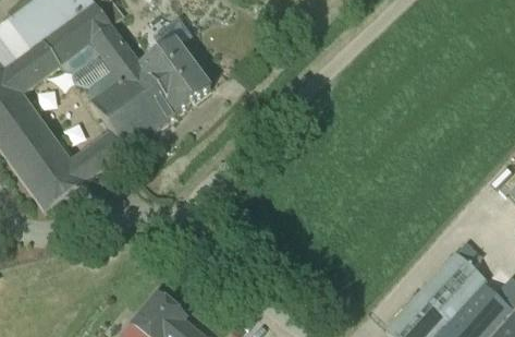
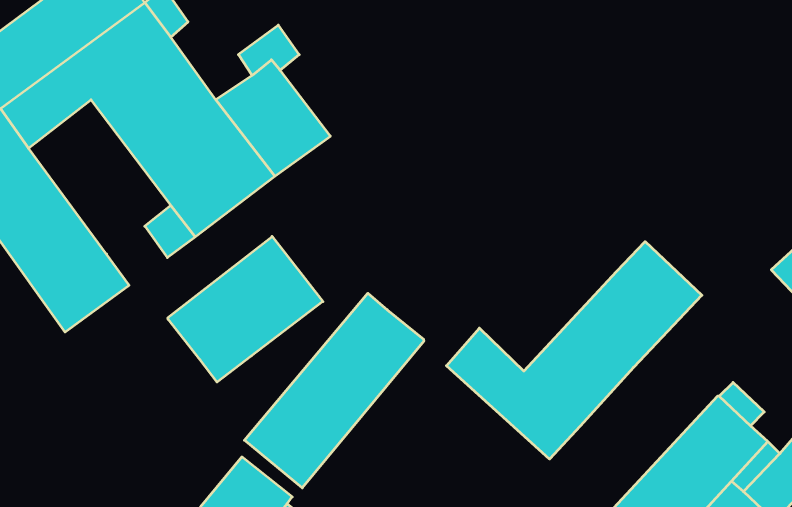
building: [71,144,109,181] -> none
building: none -> [168,236,323,382]
building: none -> [446,242,702,459]
building: none -> [244,293,424,488]

